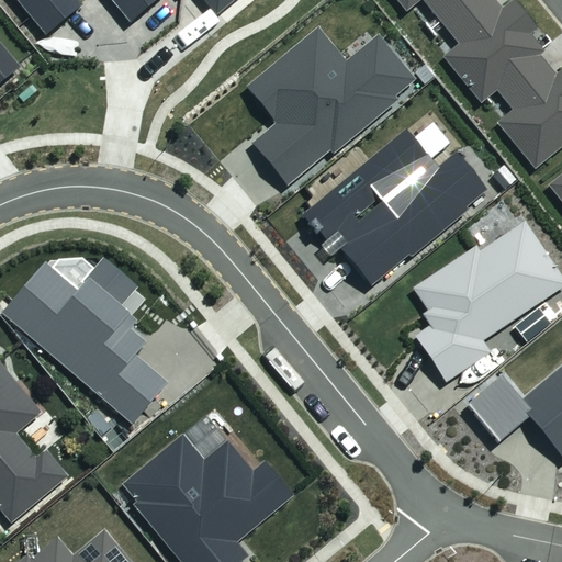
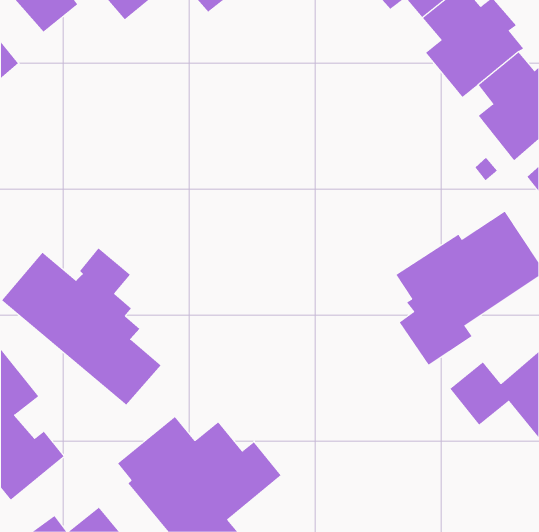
building: [246,27,416,184] -> none
building: [301,128,486,284] -> none

